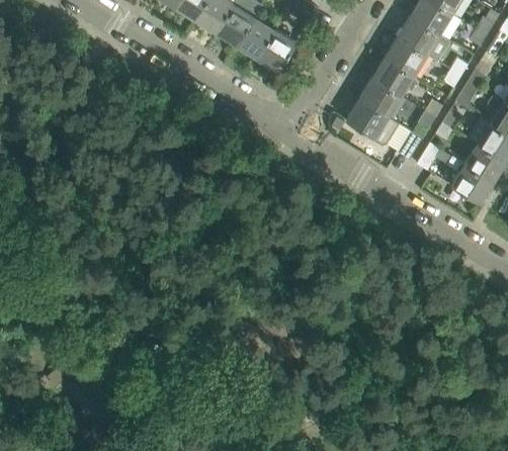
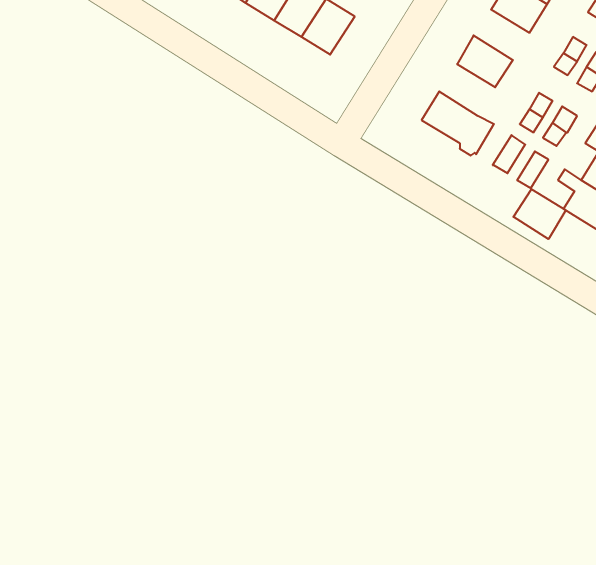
building: [384,38,425,76] -> none
building: [358,79,400,117] -> none
building: none -> [513,189,566,239]

